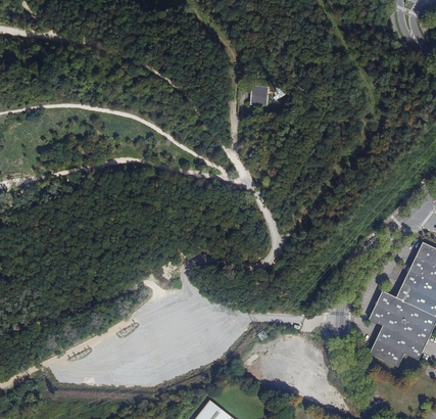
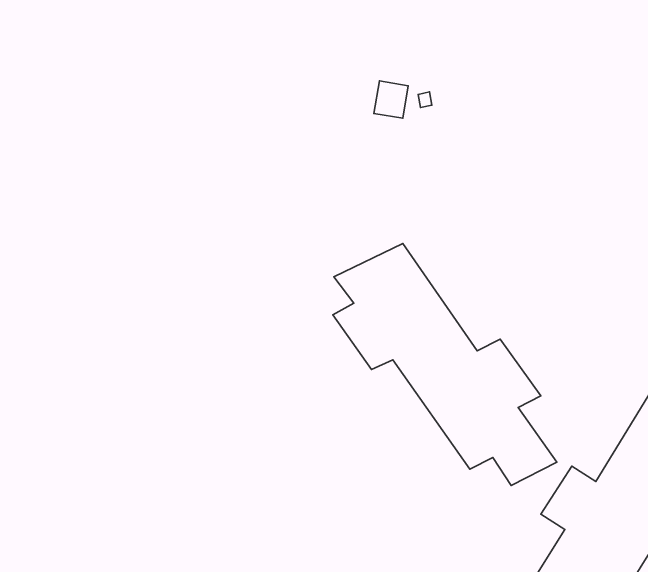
building: none -> [333,244,557,486]

